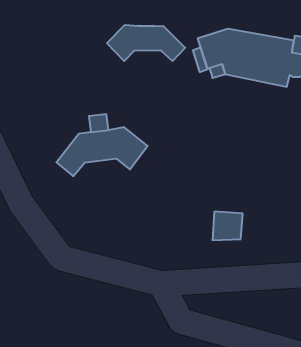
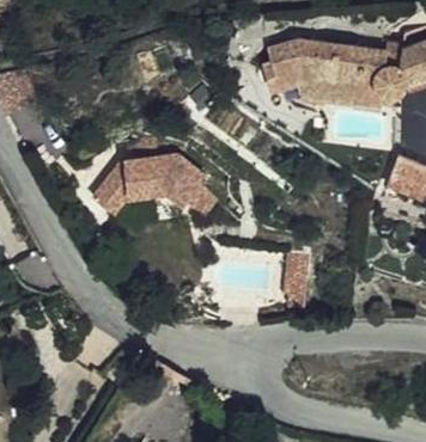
building: [107,25,185,61] -> none

